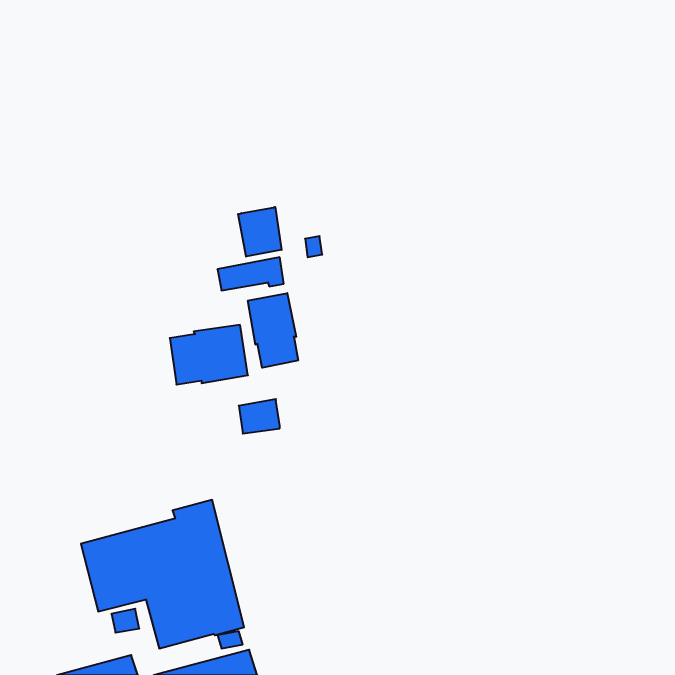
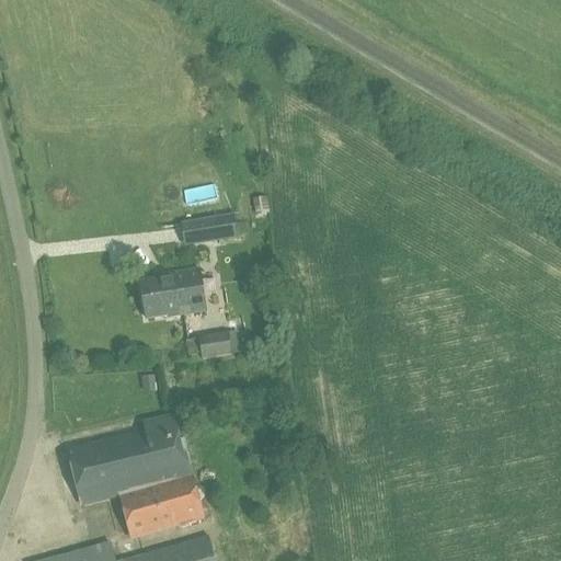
building: [238,207,282,257] -> none
building: [248,293,298,368] -> none

